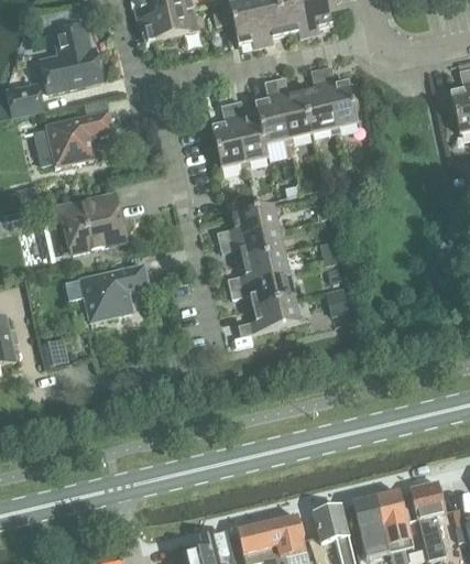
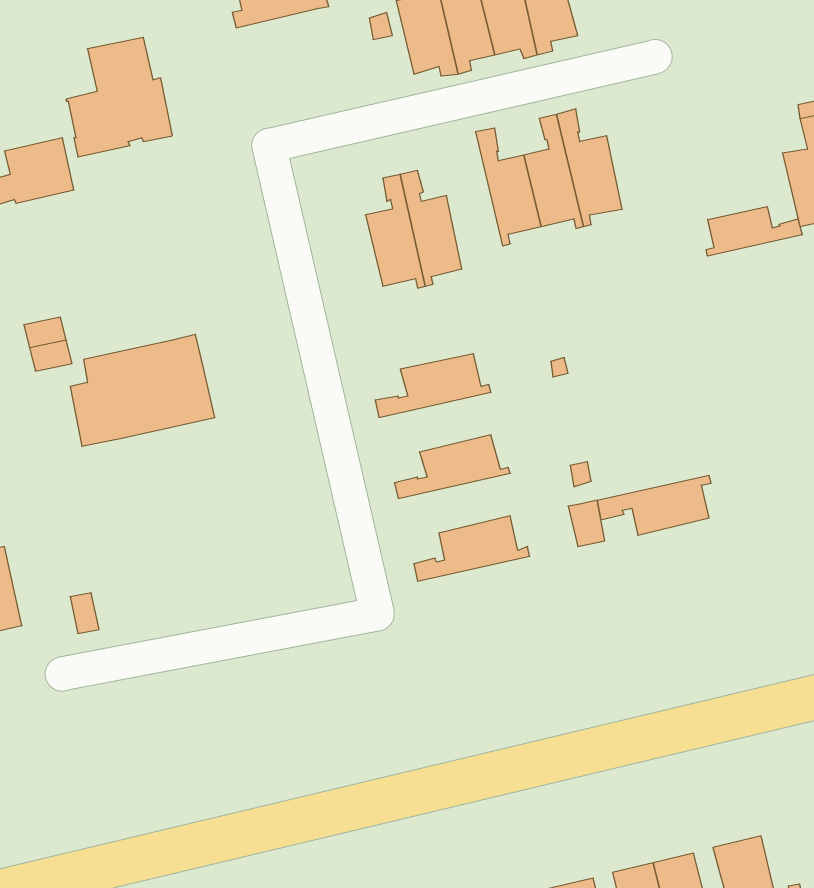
building: [138,7,199,40] -> none
building: [254,77,289,155] -> none
building: [34,109,113,165] -> none
building: none -> [706,207,802,256]
building: [219,226,284,260] -> none
building: [65,263,149,321] -> none
building: [230,272,295,306] -> [597,475,711,535]

